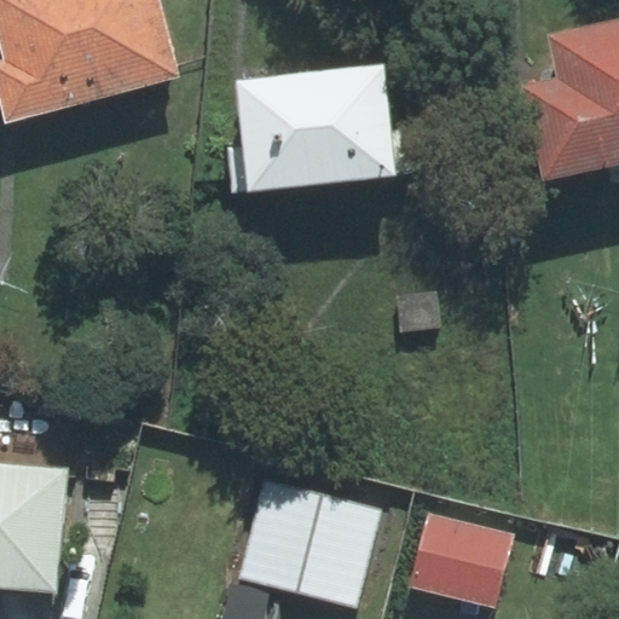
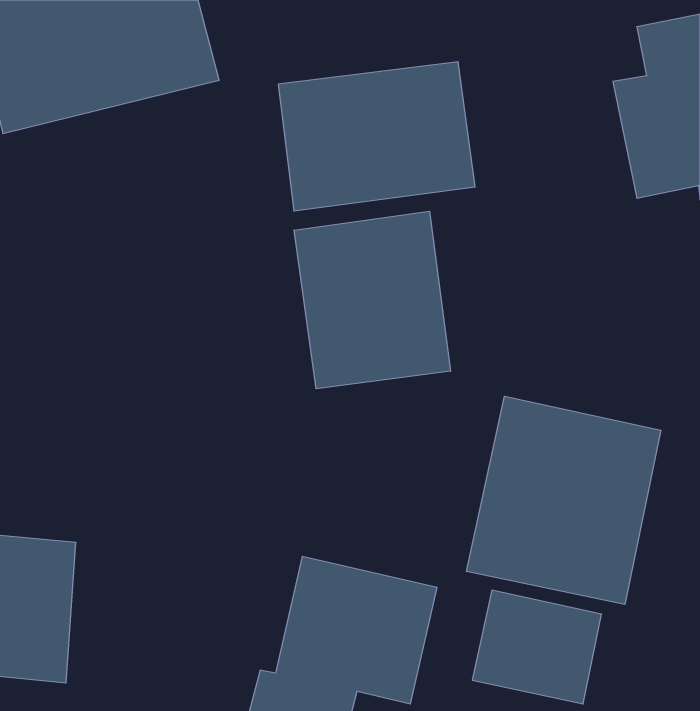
building: none -> [294,211,451,389]
building: none -> [467,396,661,604]

